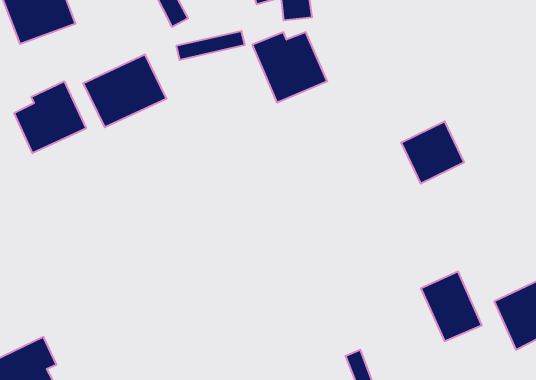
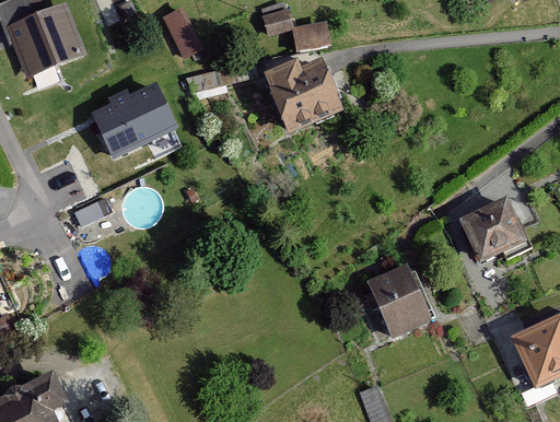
building: [14,81,86,153] -> none
building: [401,121,464,183] -> [462,197,526,260]
building: [421,272,482,341] -> [369,263,431,335]

